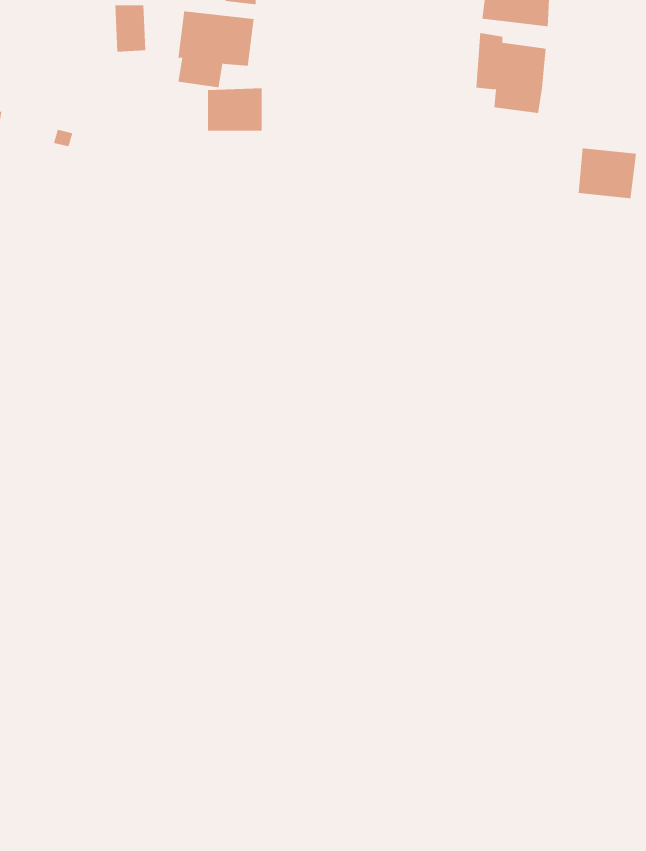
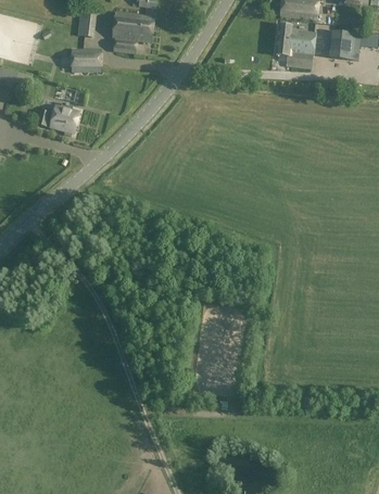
building: [207,88,263,131] -> [71,47,101,71]
building: [578,148,637,199] -> [328,30,361,59]
building: none -> [36,104,79,135]

